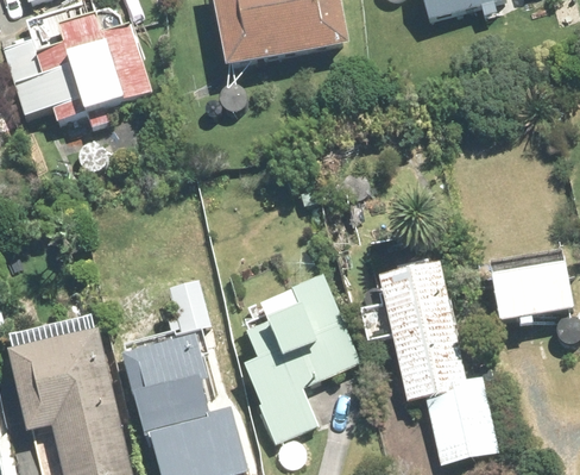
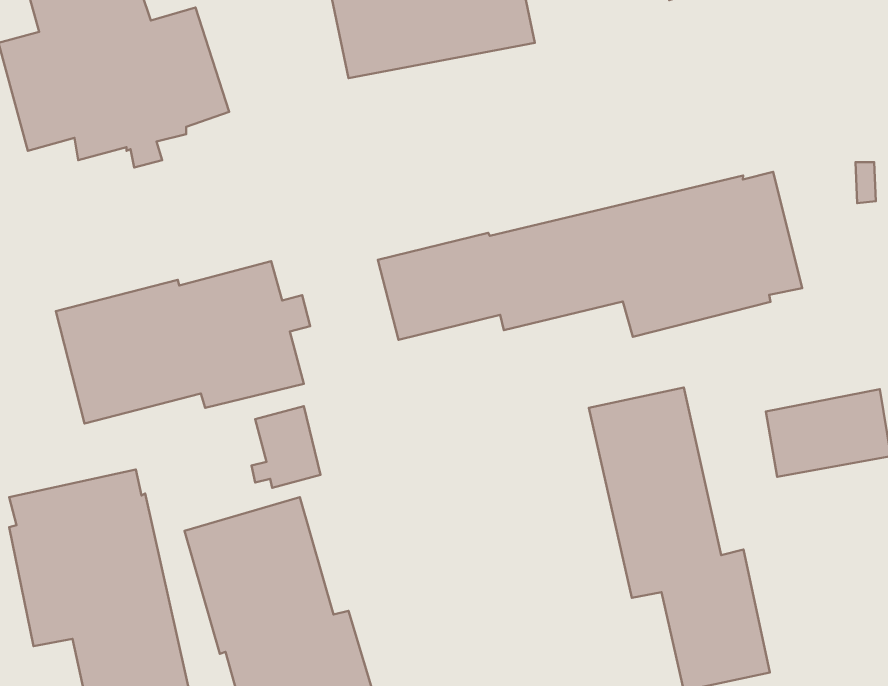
building: none -> [378,172,802,340]
building: none -> [56,261,310,424]
building: [242,277,358,439] -> none

